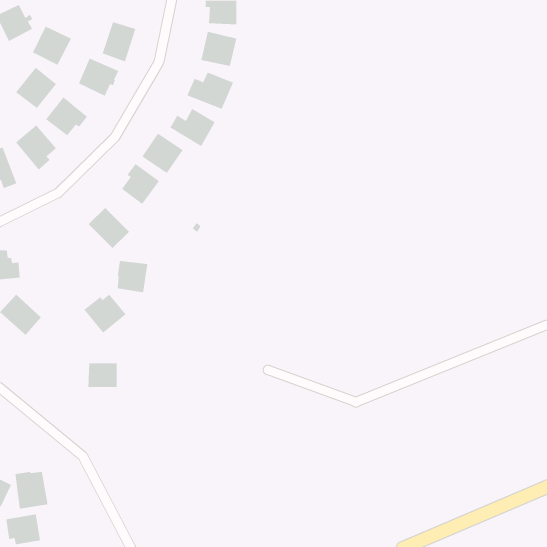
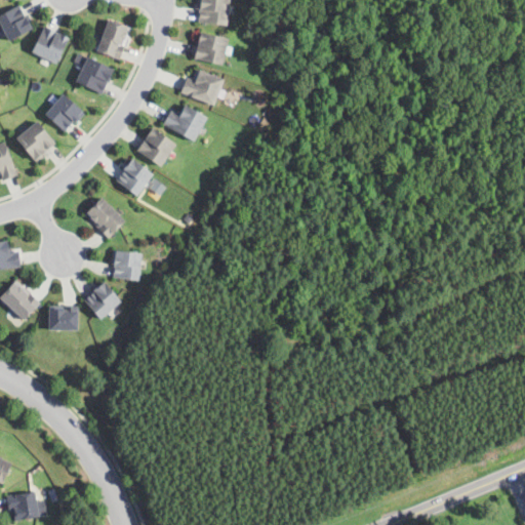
building: [15,67,57,109] -> none
building: [88,363,118,387] -> [48,308,77,331]
building: [15,471,48,510] -> none

